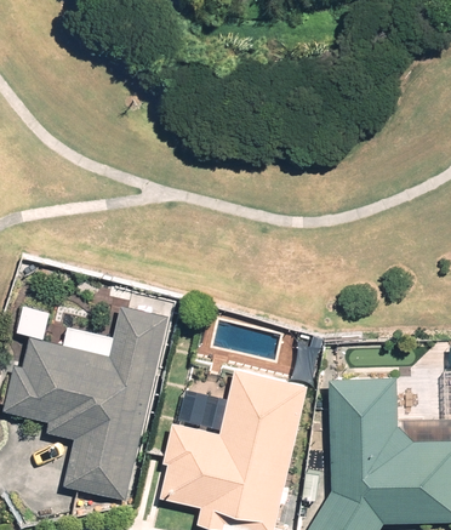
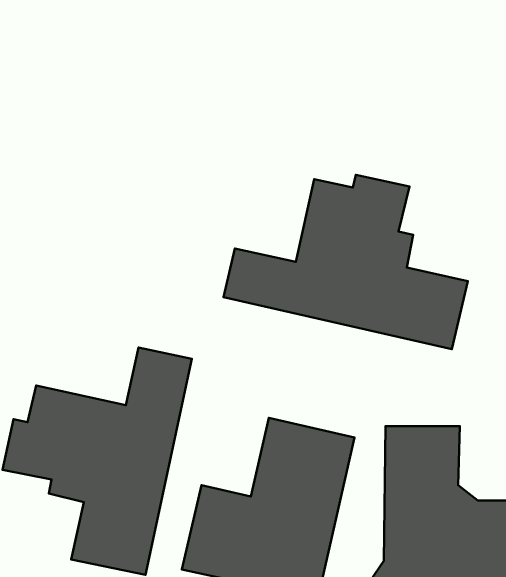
building: none -> [224,175,468,349]

